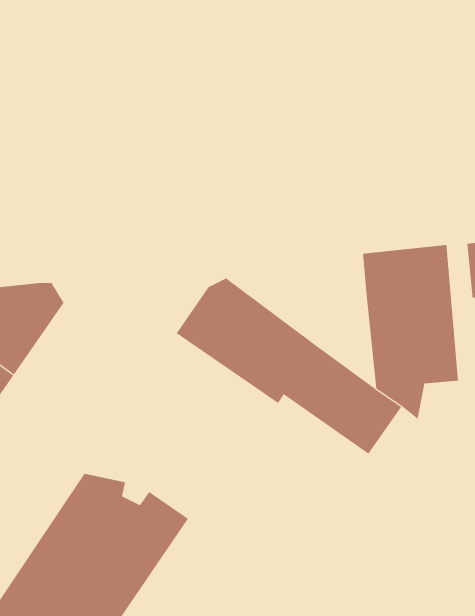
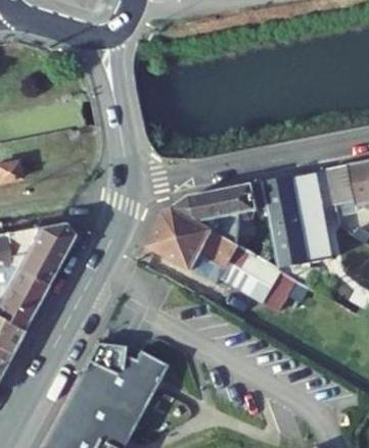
building: none -> [177,183,268,244]

